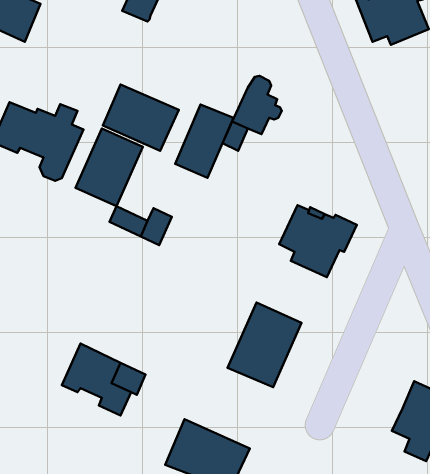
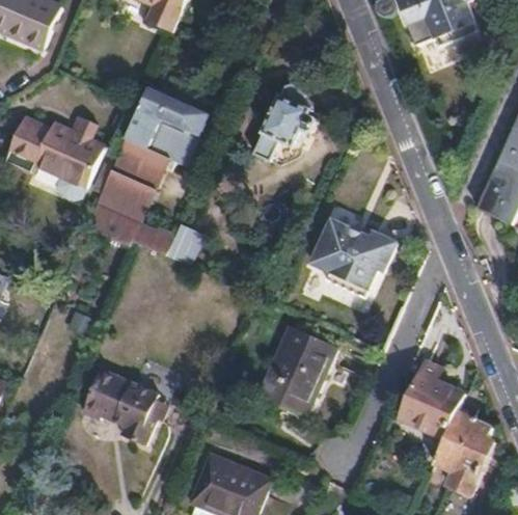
building: [175,105,233,178] -> none
building: none -> [85,202,139,245]
building: none -> [400,361,464,438]

